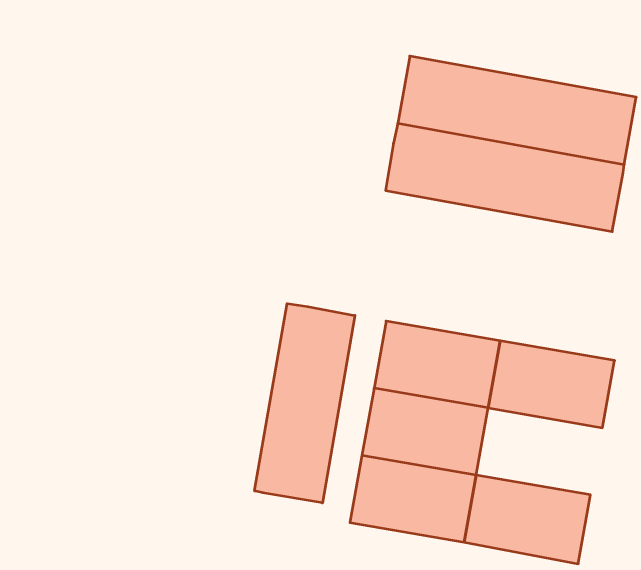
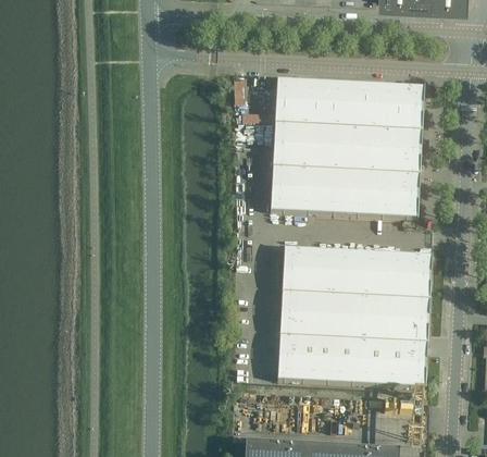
building: none -> [270,166,420,219]
building: [255,304,355,503] -> none
building: none -> [353,296,429,343]

